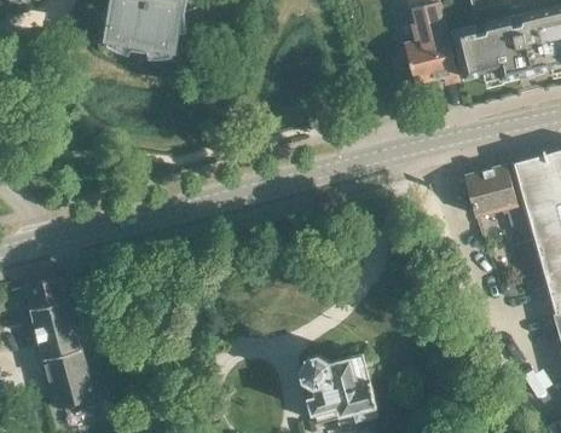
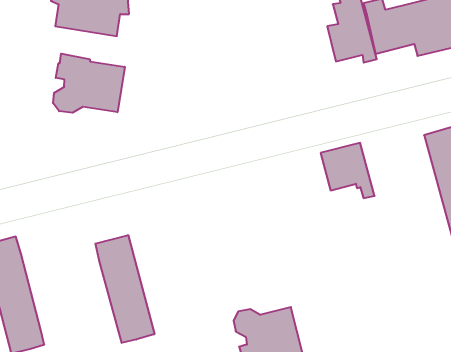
building: none -> [53,54,125,113]
building: [463,166,522,226] -> [321,143,375,198]
building: none -> [95,235,154,343]

